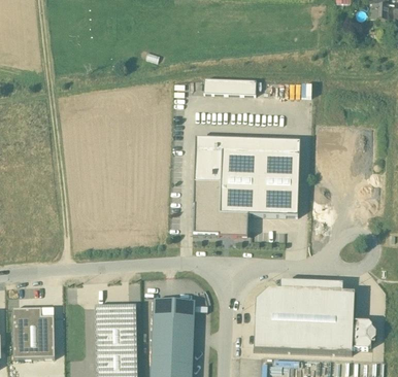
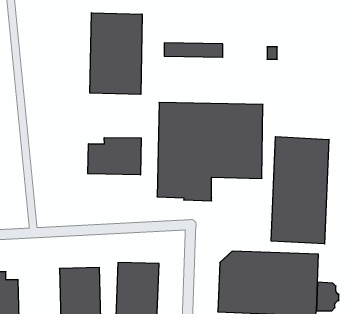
building: none -> [90,13,142,94]
building: none -> [271,137,329,244]
building: none -> [88,138,141,175]

